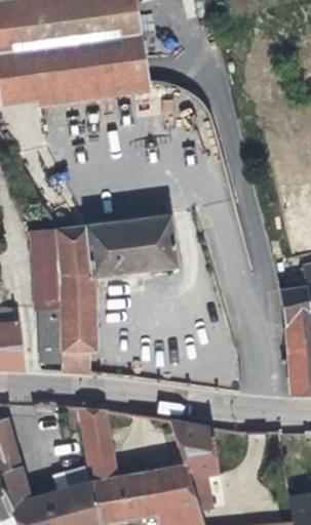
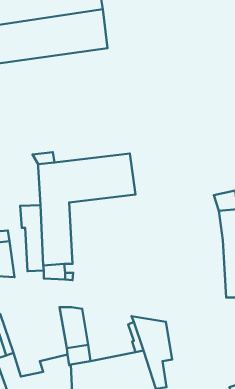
building: [28,232,56,281] -> none

